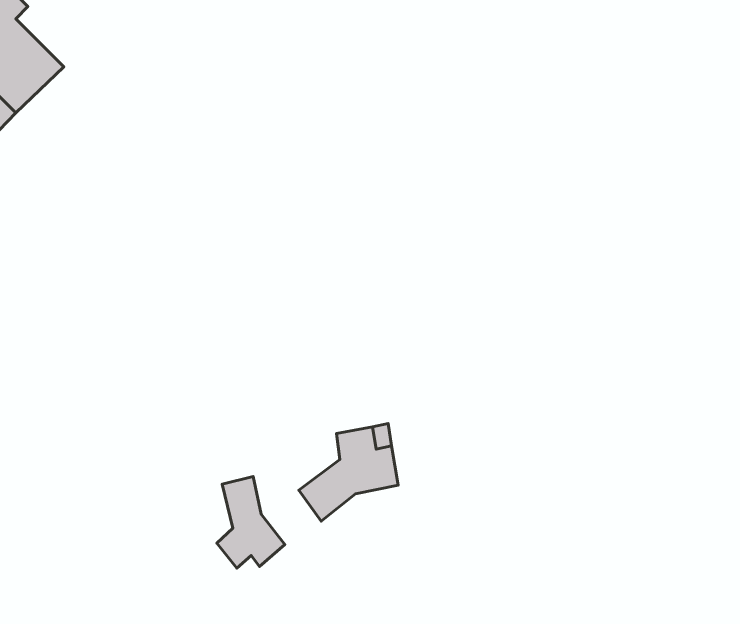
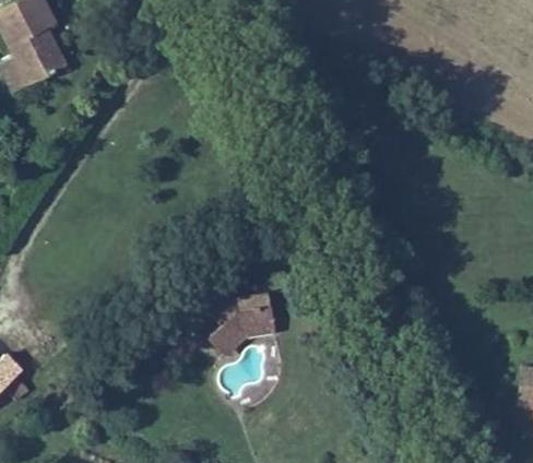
building: [217,476,285,568] -> none

